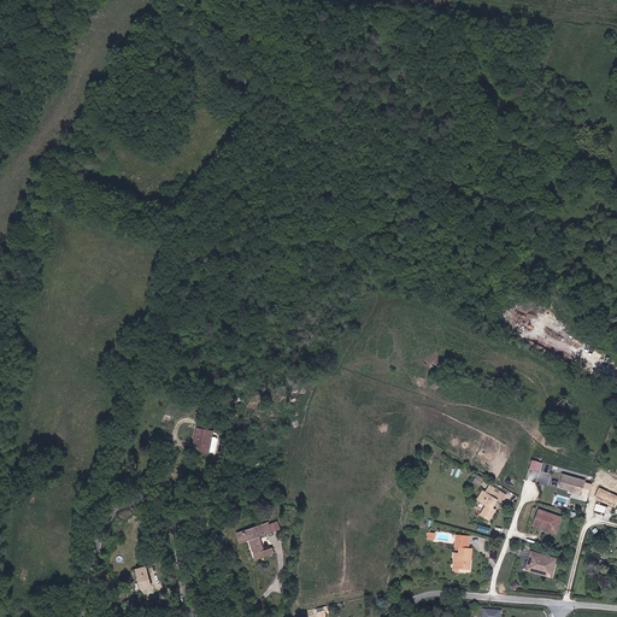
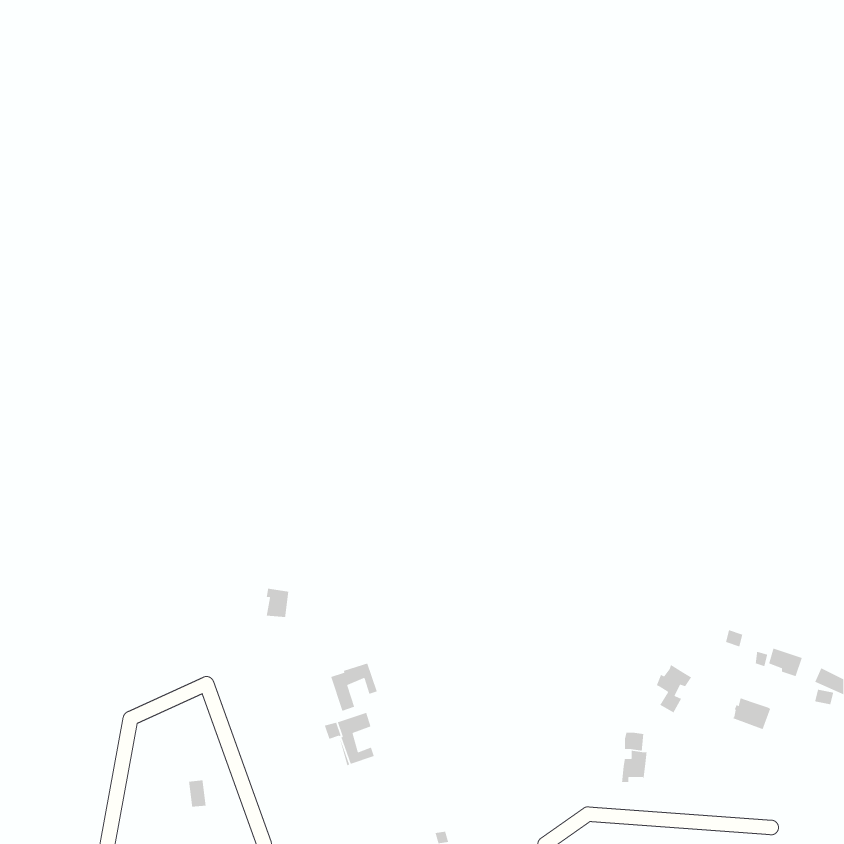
building: none -> [330,663,378,712]
building: [525,551,558,577] -> none

